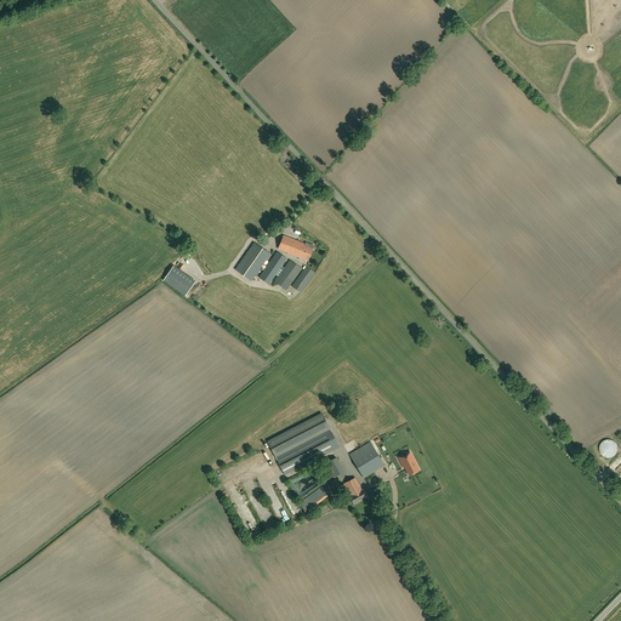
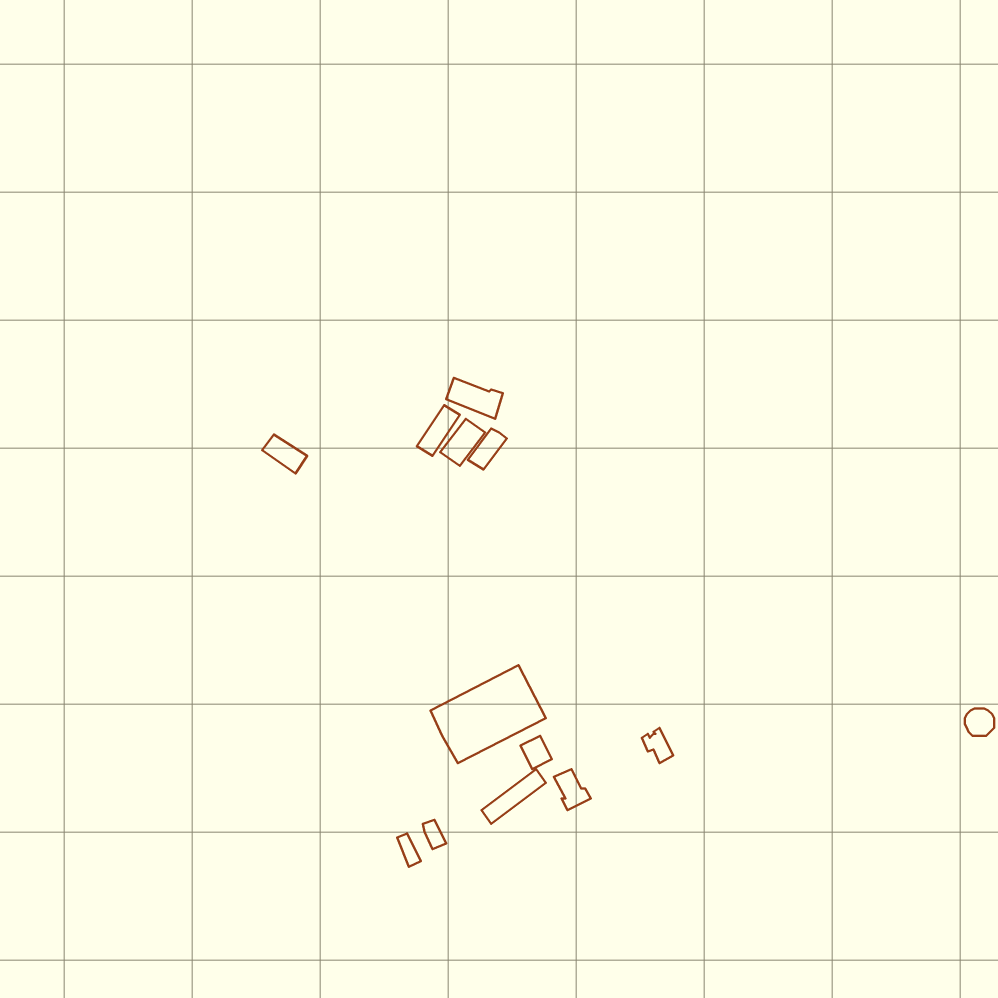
building: [234,241,269,279] -> none
building: [348,440,383,477] -> none

